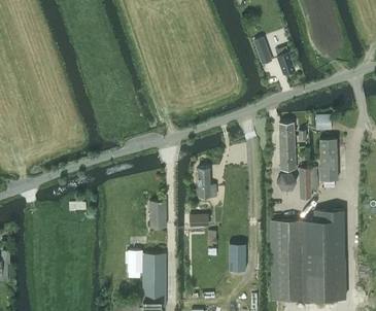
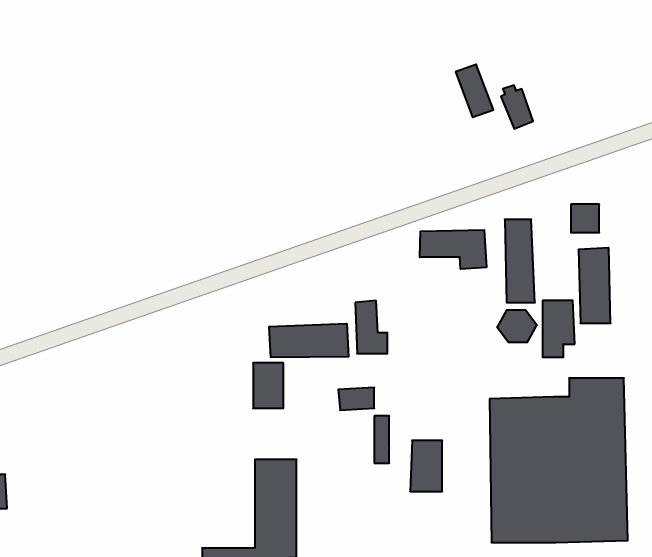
building: none -> [420,230,486,269]
building: none -> [269,324,349,357]

